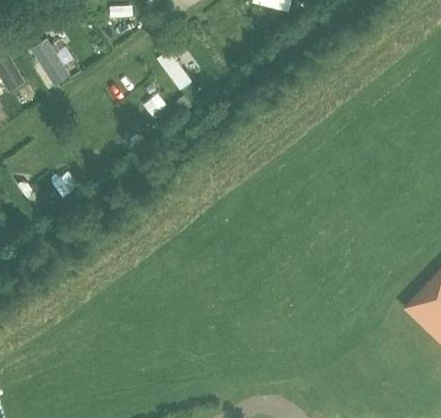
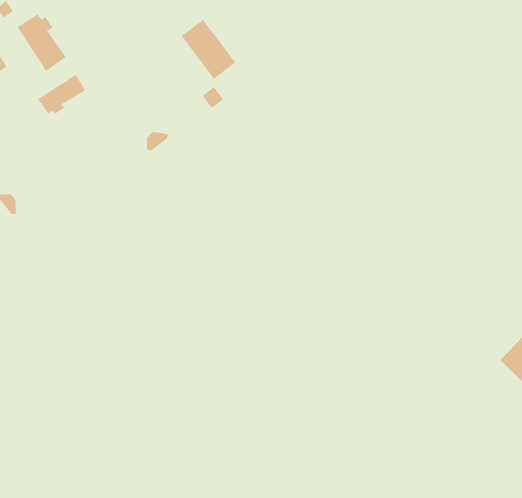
building: none -> [37,74,86,115]

